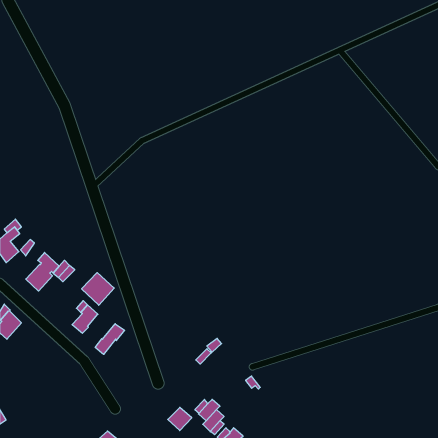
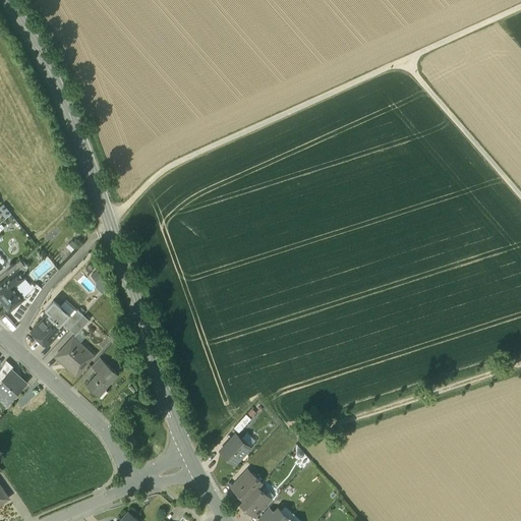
building: [82,273,114,305] -> [54,337,93,375]
building: [95,324,125,354] -> none
building: [168,407,192,431] -> [221,435,249,462]

